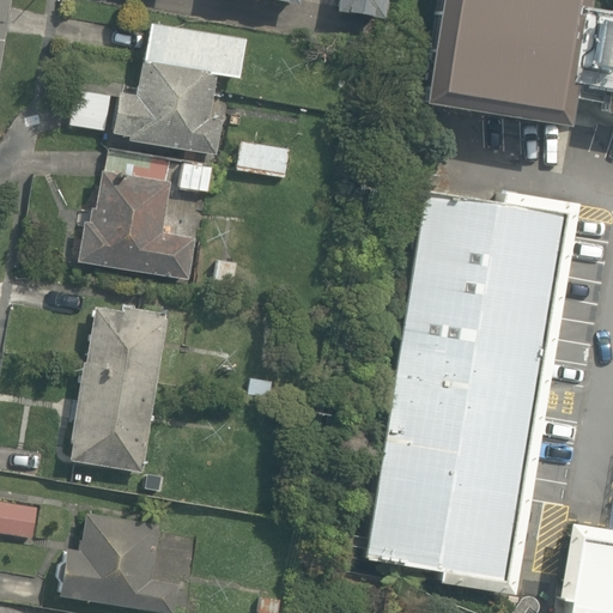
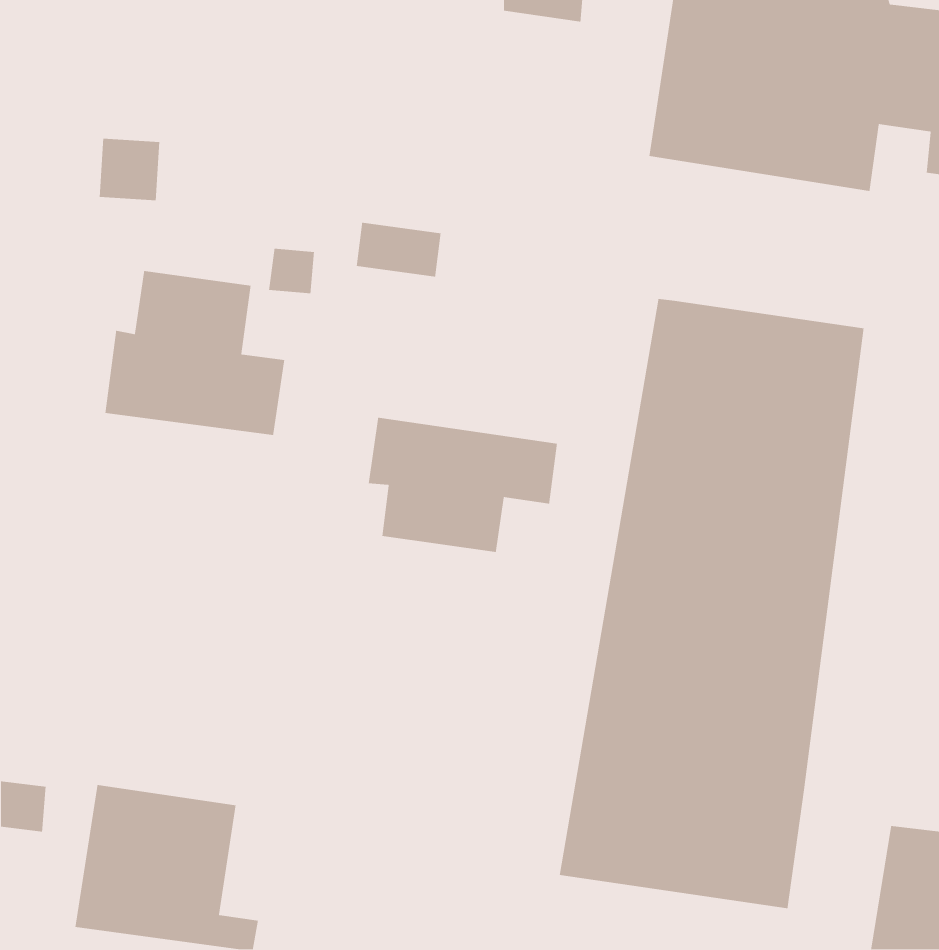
building: [111,24,244,157] -> none
building: none -> [368,417,558,553]
building: [68,304,165,469] -> none

